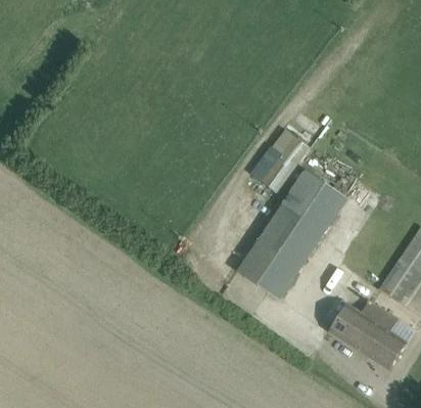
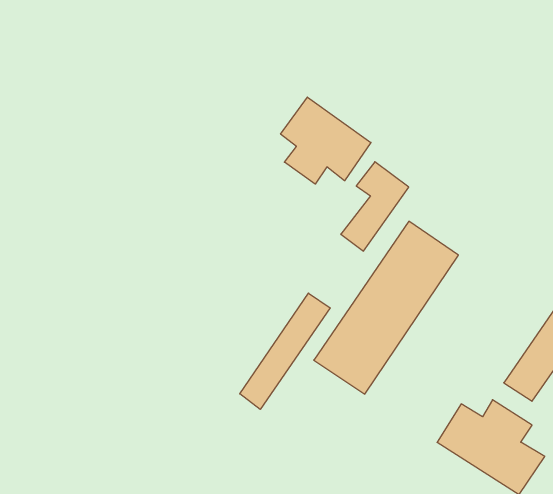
building: none -> [281,97,371,184]
building: none -> [240,293,330,409]

